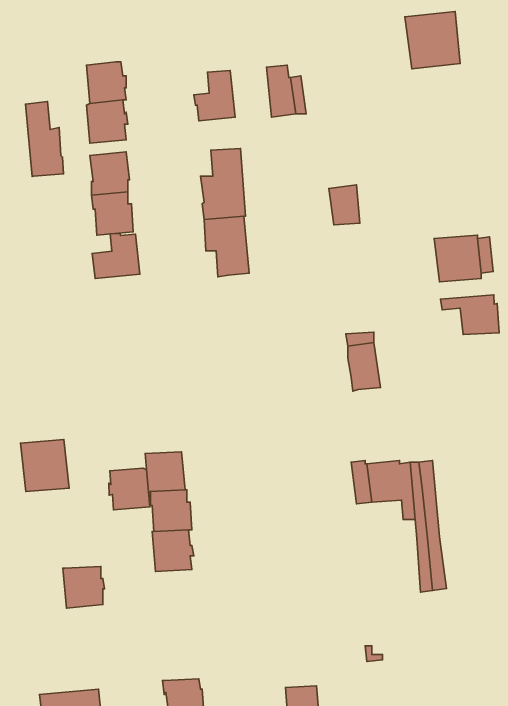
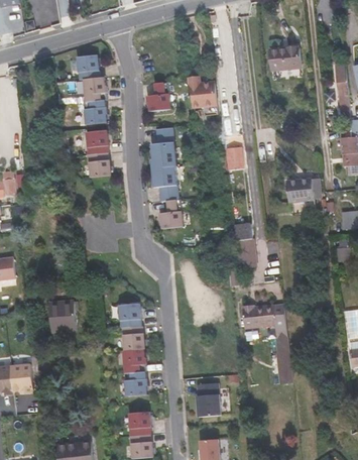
building: none -> [77,51,101,77]
building: [25,102,64,176] -> none
building: [92,234,140,278] -> none
building: none -> [159,198,184,227]
building: [440,295,499,334] -> none
building: [109,468,150,510] -> none
building: [63,566,104,608] -> [123,370,147,394]
building: none -> [197,381,221,415]
building: none -> [128,410,150,435]

